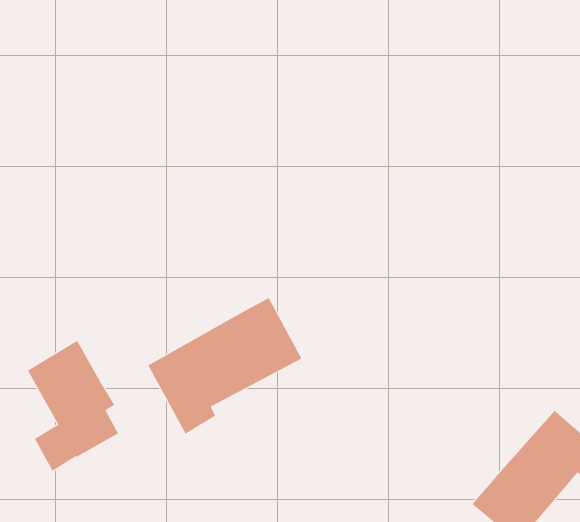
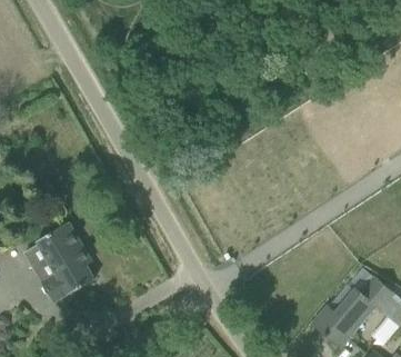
building: [148,297,302,434] -> none

